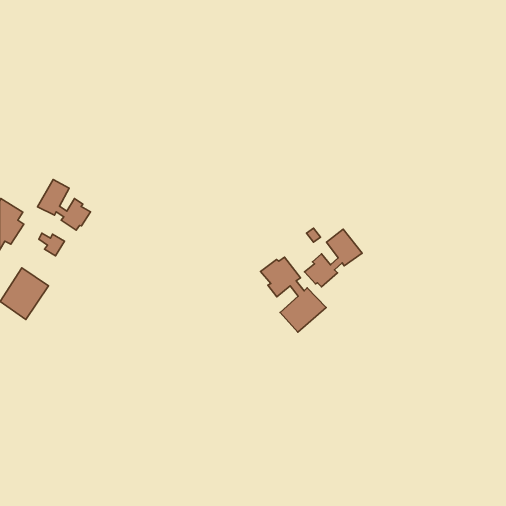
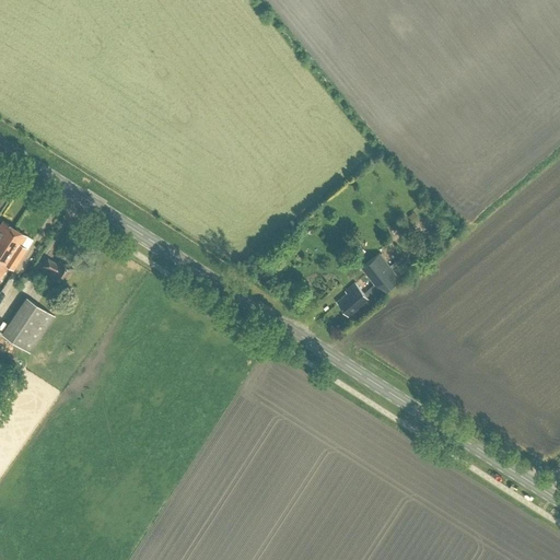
building: [38,180,91,230] -> none
building: [261,257,326,332] -> none

